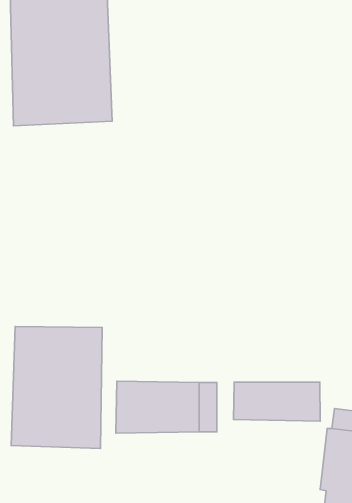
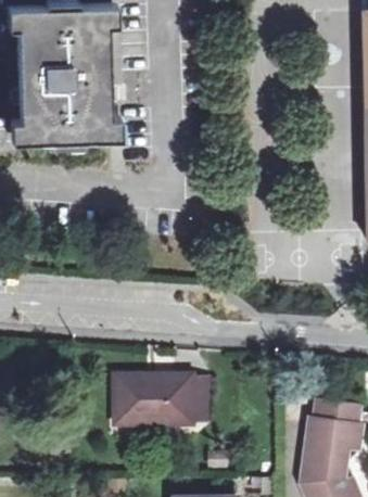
building: [11,326,102,449] -> none
building: [234,382,320,421] -> none

